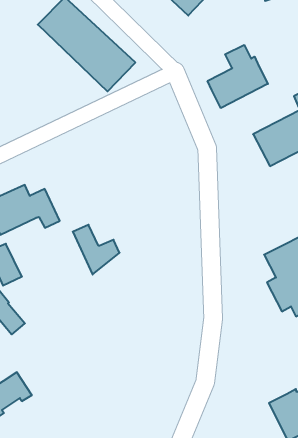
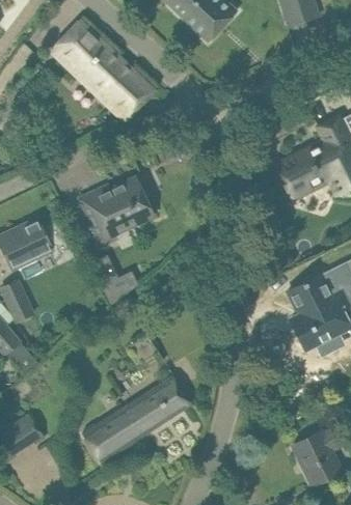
building: [208,45,268,108] -> none
building: none -> [83,176,154,247]
building: none -> [81,374,191,462]

